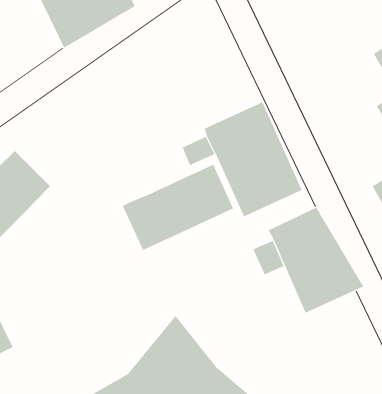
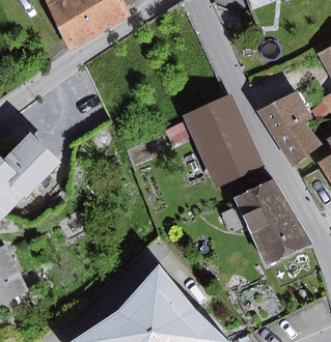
building: none -> [258,91,321,166]
building: [122,164,234,251] -> none

